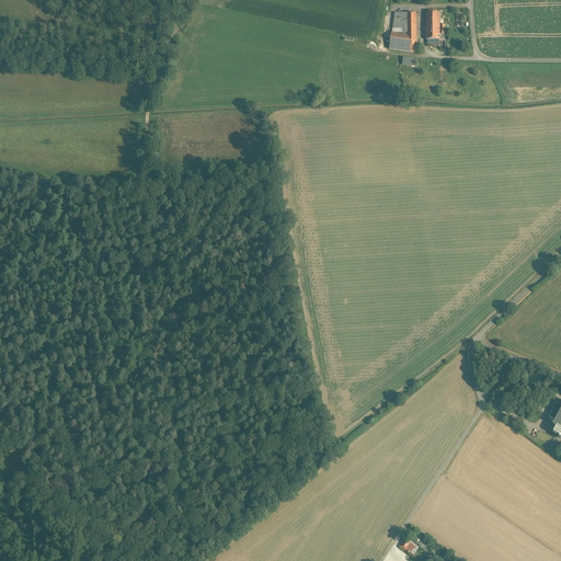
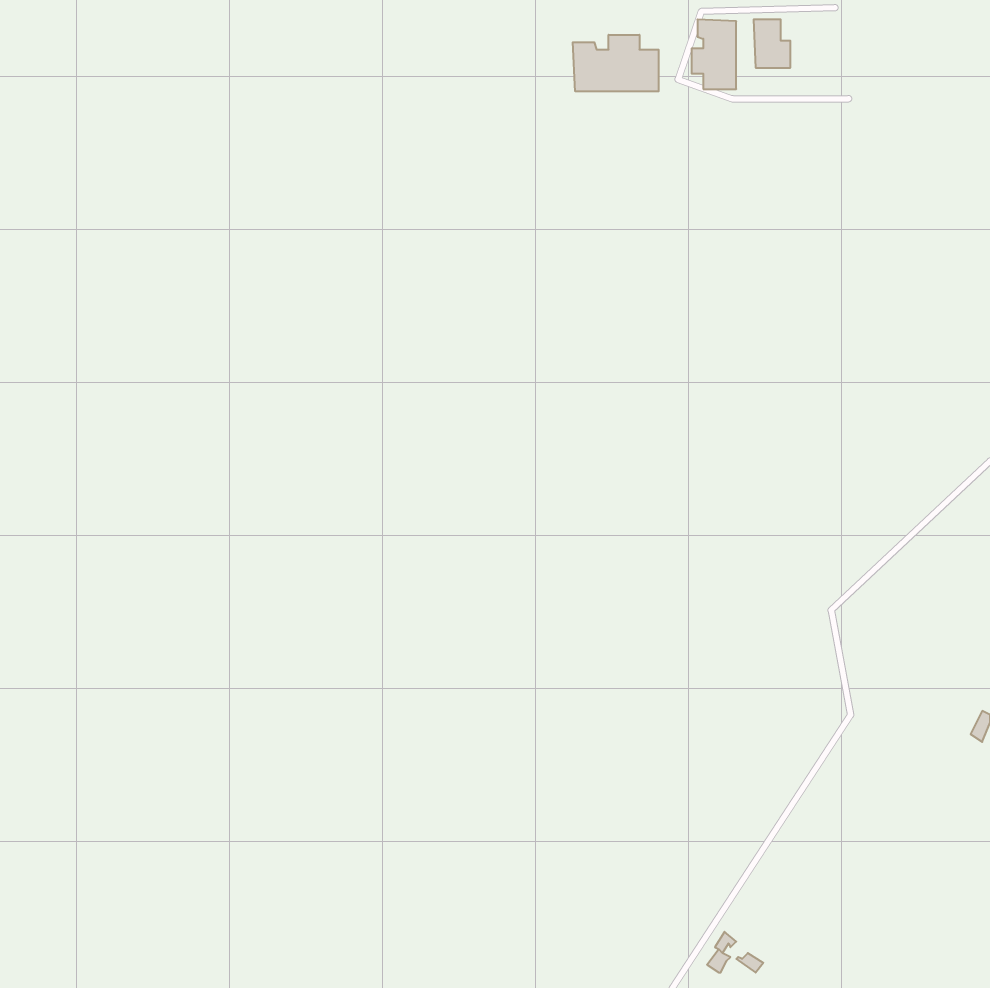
building: none -> [573,35,659,91]

